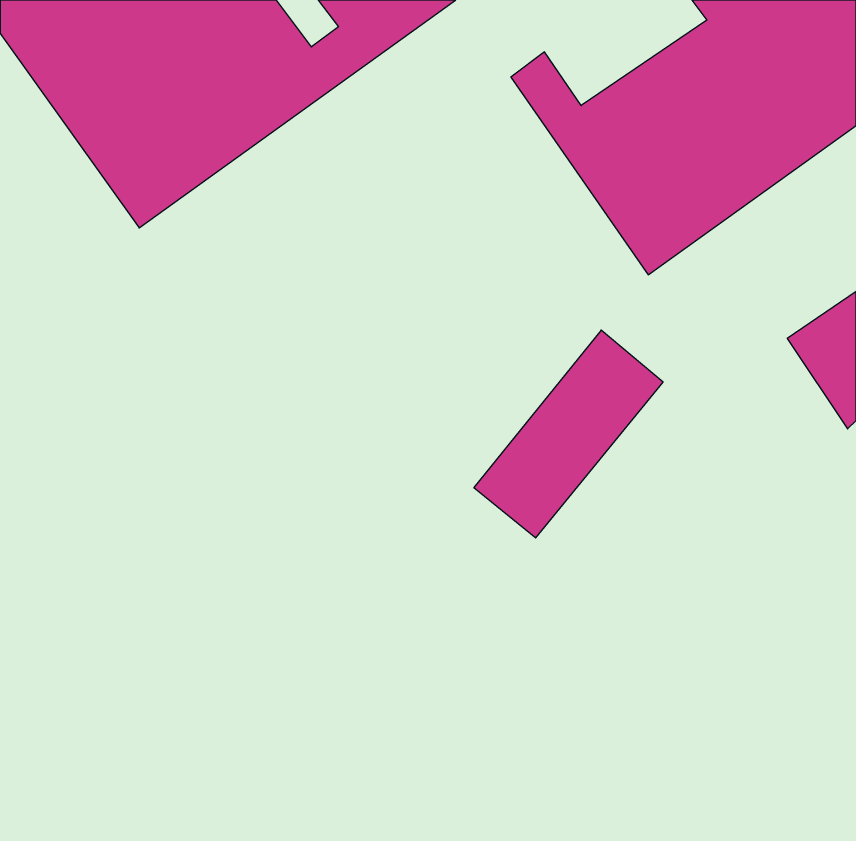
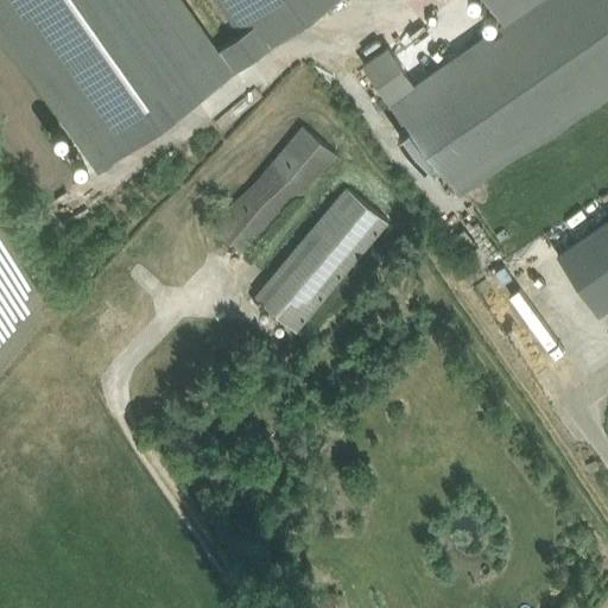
building: none -> [214,119,337,258]
building: [474,330,663,538] -> [254,185,388,332]

